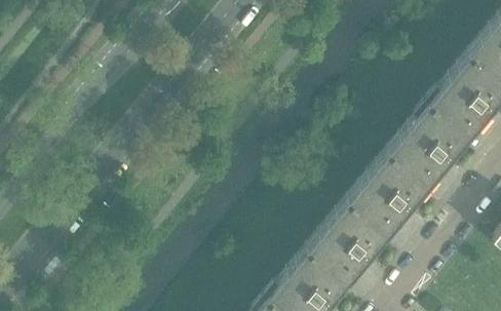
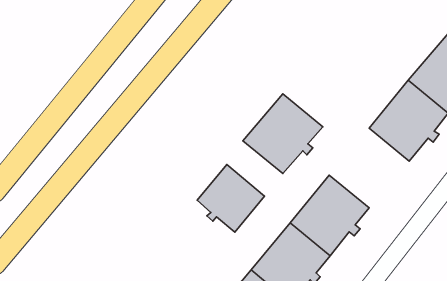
building: [361,135,444,218] -> [243,94,323,174]
building: none -> [197,165,265,232]

